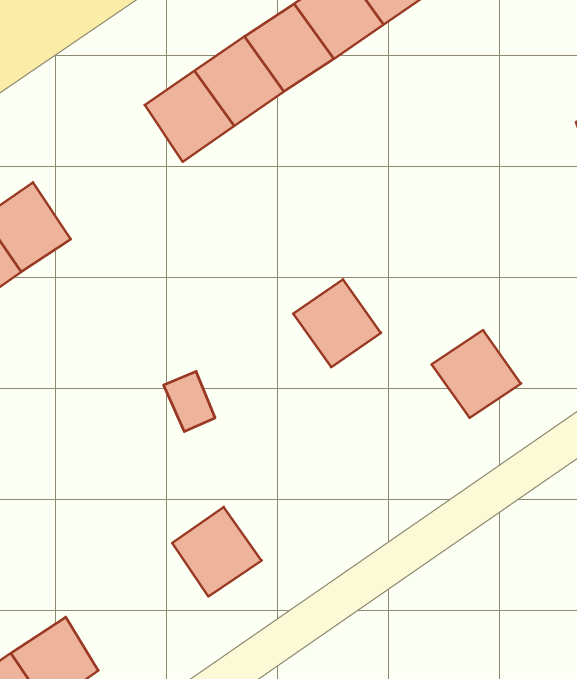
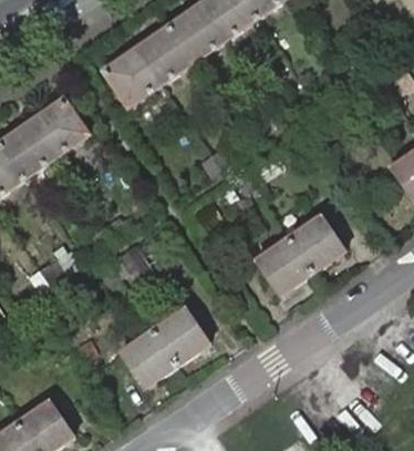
building: none -> [31,96,87,155]
building: [293,279,381,367] -> [256,236,312,293]
building: none -> [154,306,210,362]

